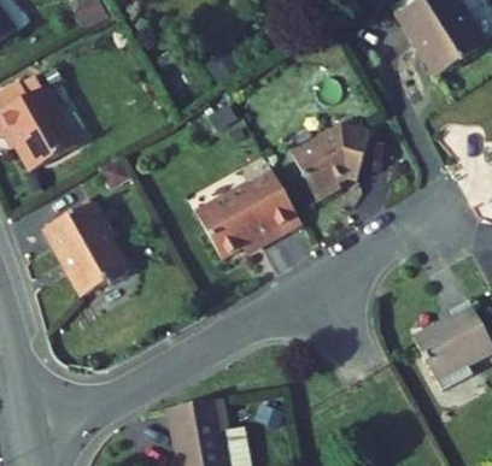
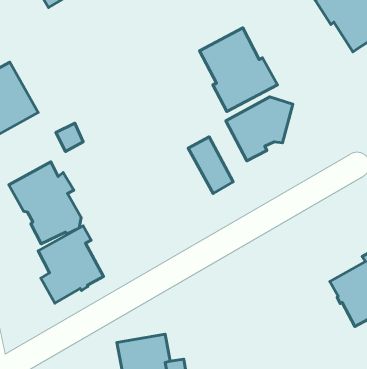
building: none -> [199,28,278,112]
building: [197,181,279,256] -> none
building: none -> [38,226,104,303]

